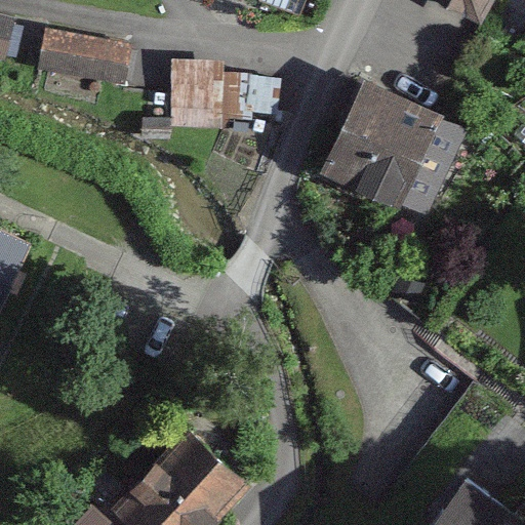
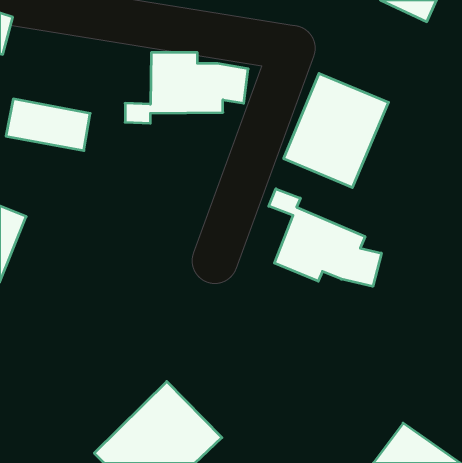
building: [39,29,134,87] -> [6,99,90,151]
building: none -> [269,189,381,286]

